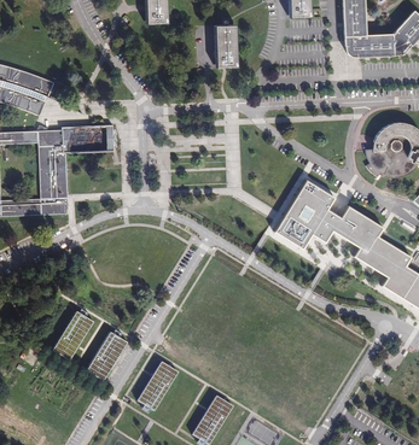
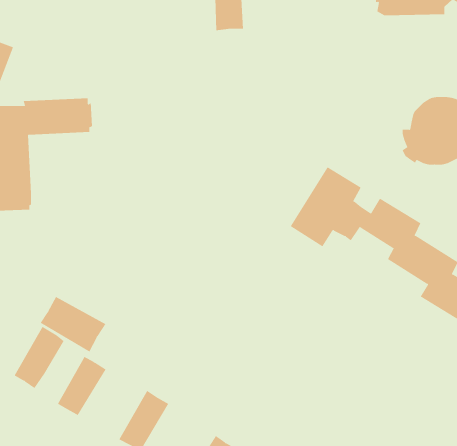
building: none -> [40,296,106,352]

